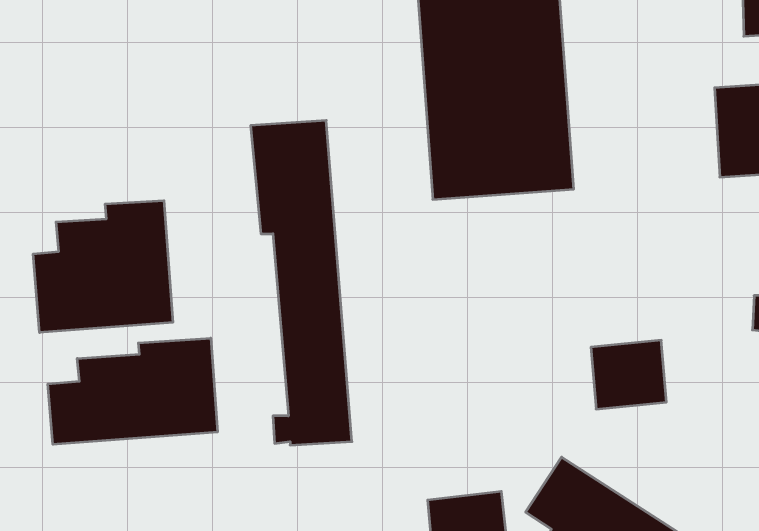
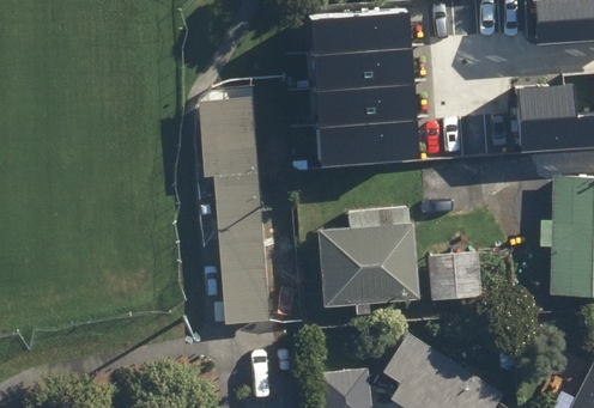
building: [33,201,173,333] -> none
building: none -> [320,209,422,315]
building: [48,338,217,444] -> none

